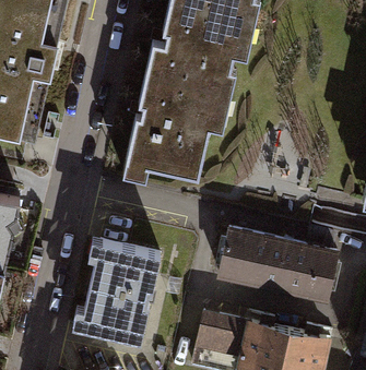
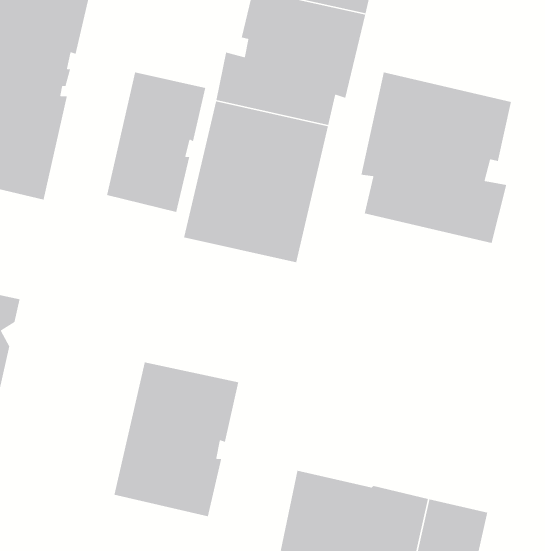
building: none -> [106,71,206,213]
building: none -> [360,72,512,244]
building: [221,229,340,300] -> none

